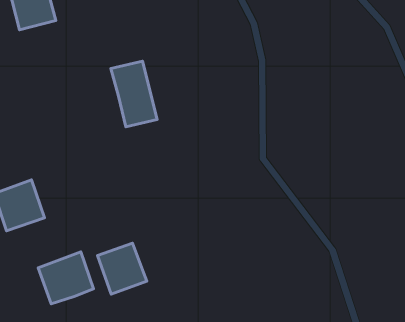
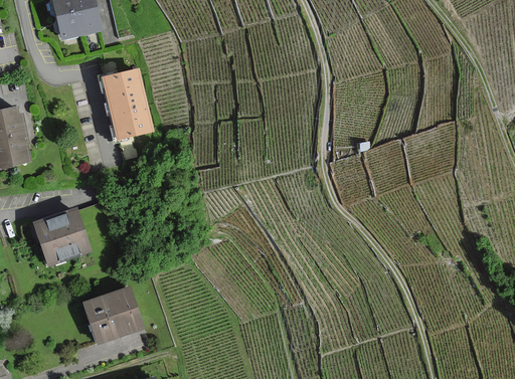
building: [111,61,157,127] -> [103,67,153,139]
building: [97,243,147,294] -> none

